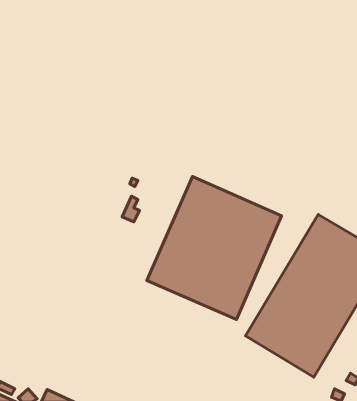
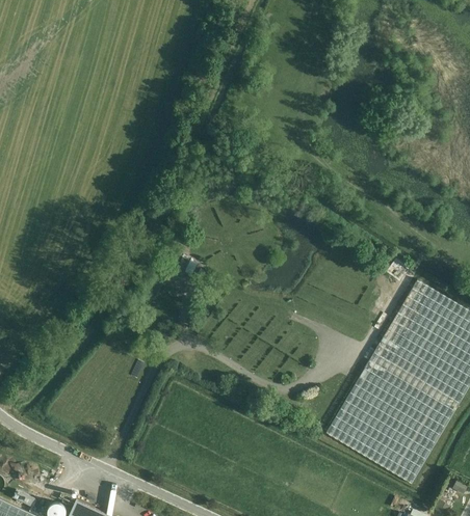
building: [147,176,282,319] -> none

